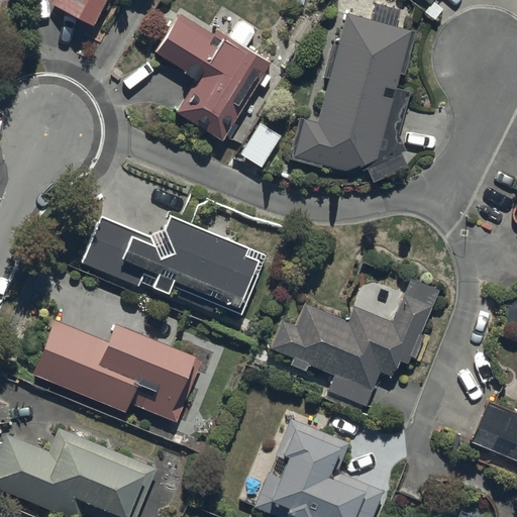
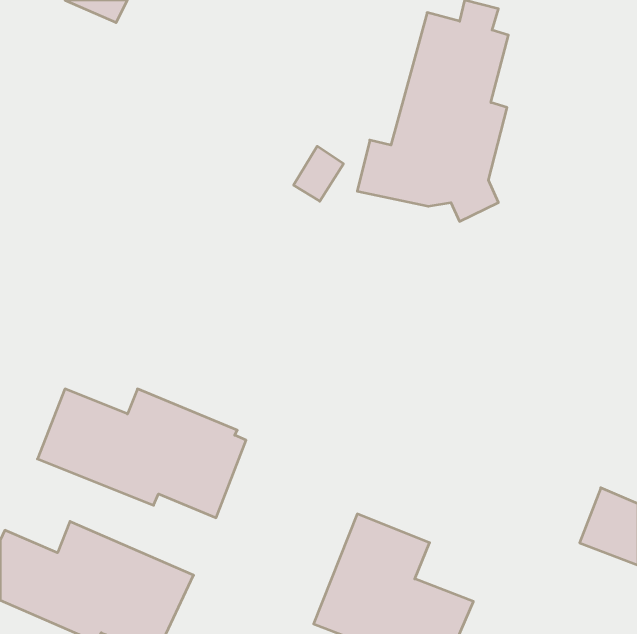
building: [158,14,272,143] -> none
building: [80,211,267,319] -> none
building: [272,279,438,408] -> none

